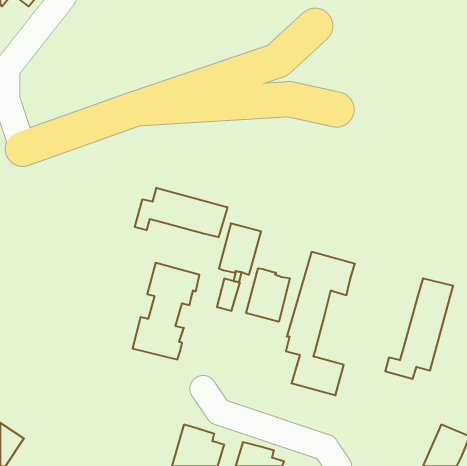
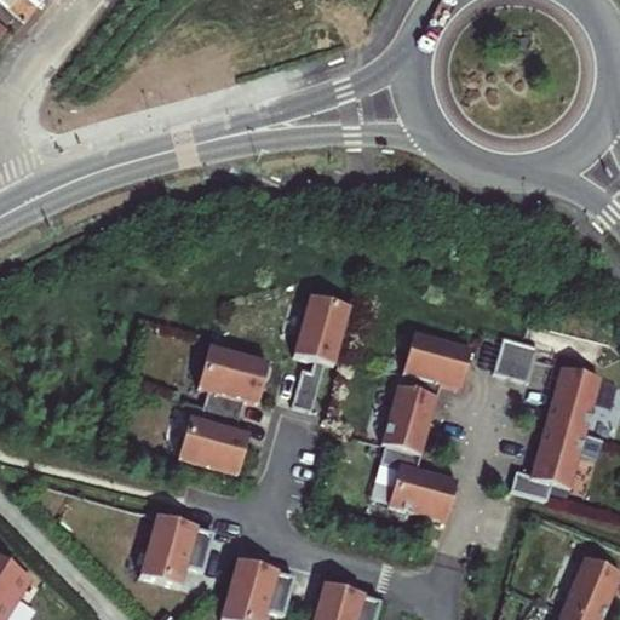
building: [135,188,227,237] -> none
building: none -> [493,337,538,380]
building: [246,268,290,322] -> none
building: none -> [142,511,211,580]

